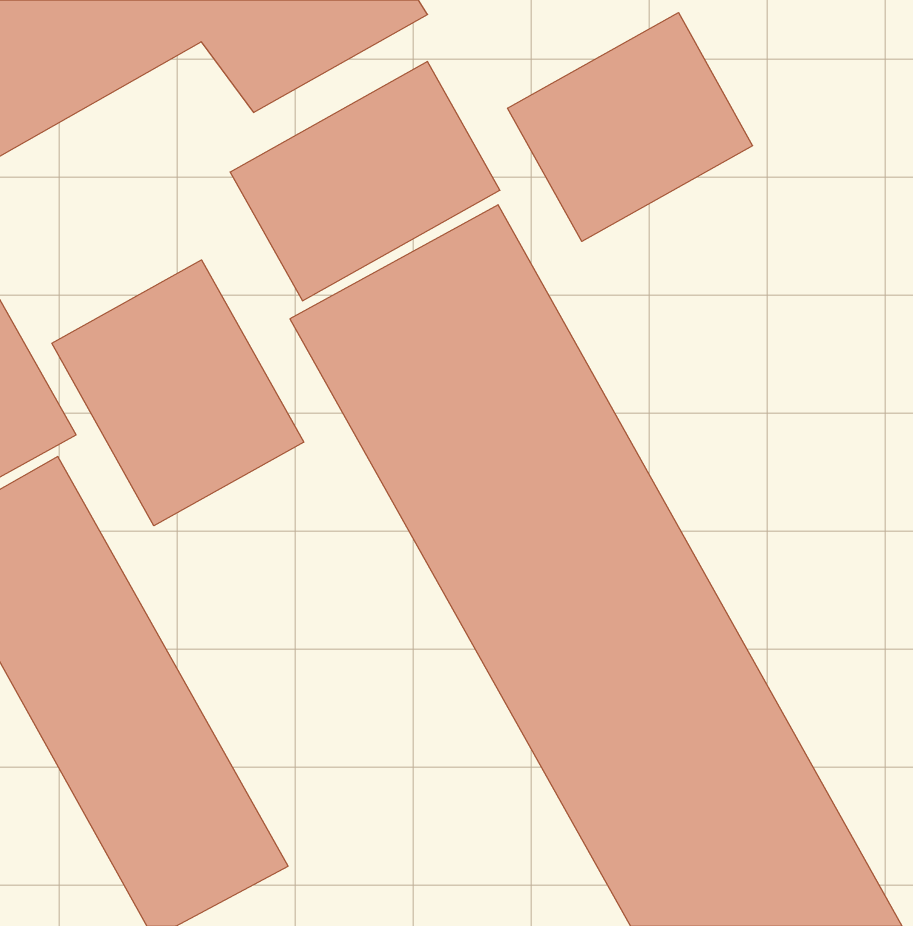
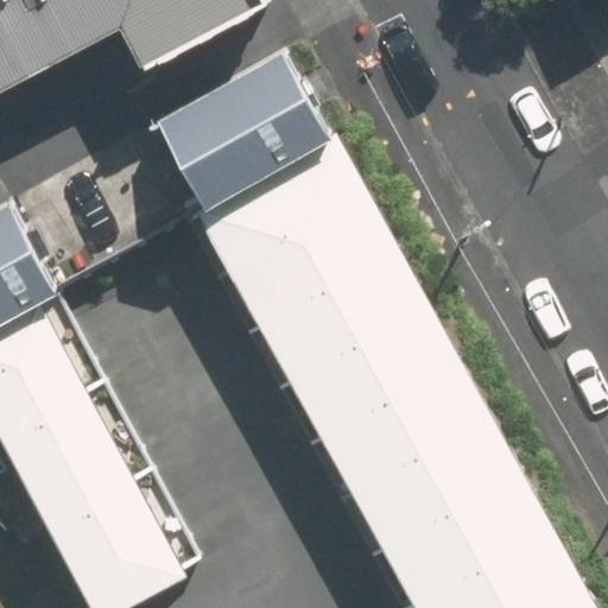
building: [508,13,753,241] -> none
building: [52,260,304,526] -> none

